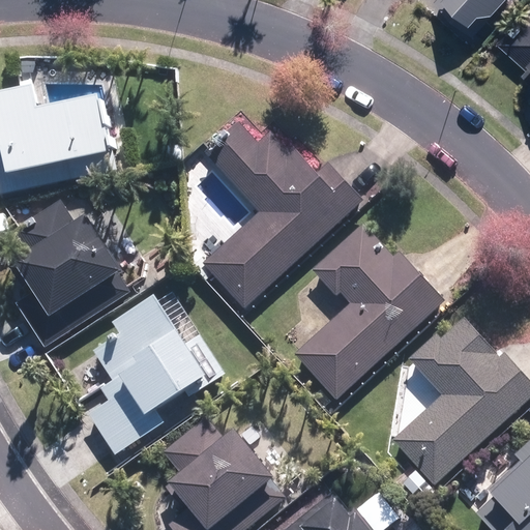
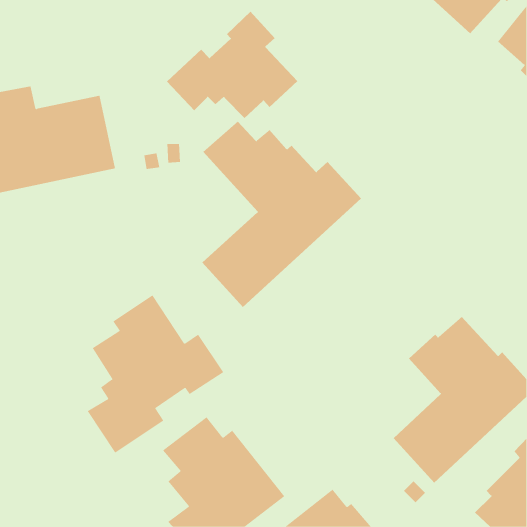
building: none -> [166,11,298,119]
building: [7,201,130,348] -> none
building: [295,225,444,398] -> none

